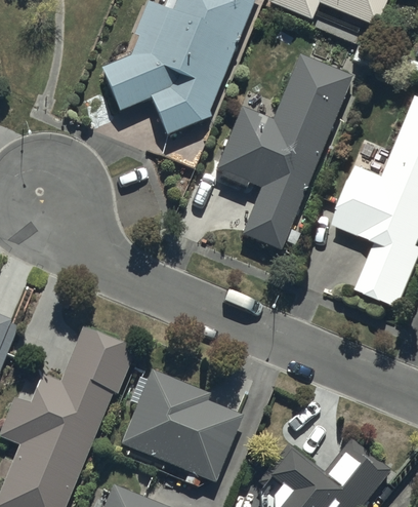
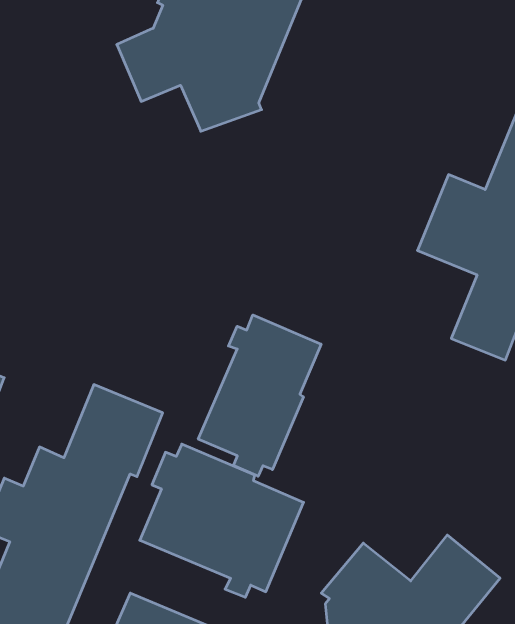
building: [217,53,352,248] -> none
building: none -> [198,315,321,476]

